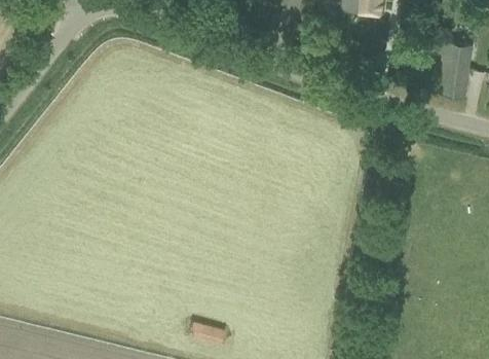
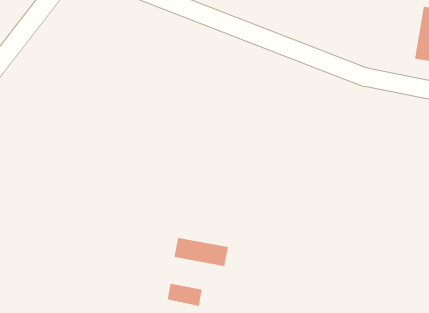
building: none -> [174,237,228,267]

